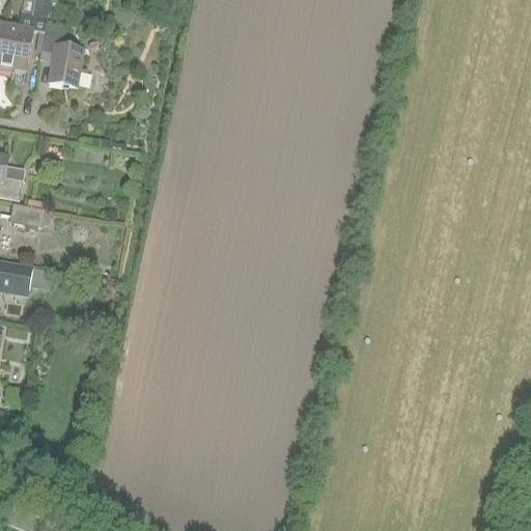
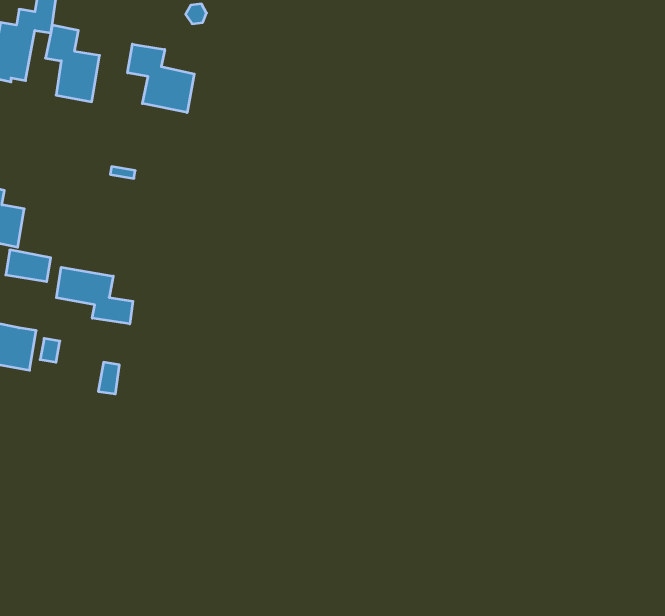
building: none -> [128,44,194,113]
building: none -> [56,267,133,324]

